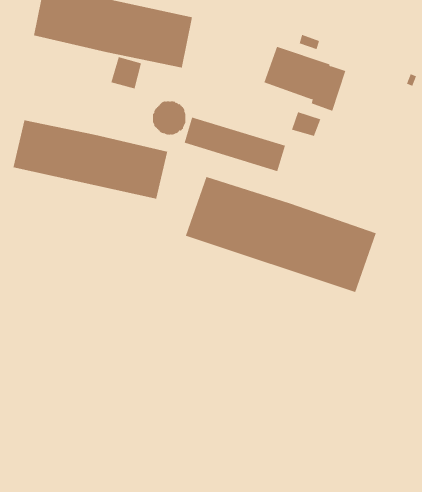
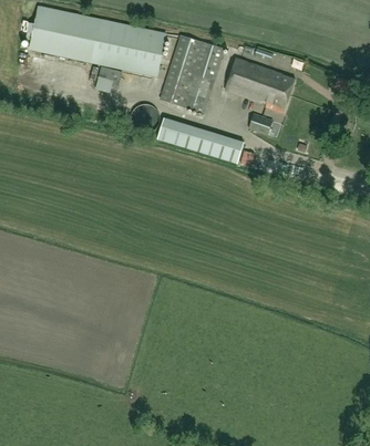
building: none -> [161,35,225,113]
building: [13,120,168,199] -> none
building: [185,176,376,293] -> none

